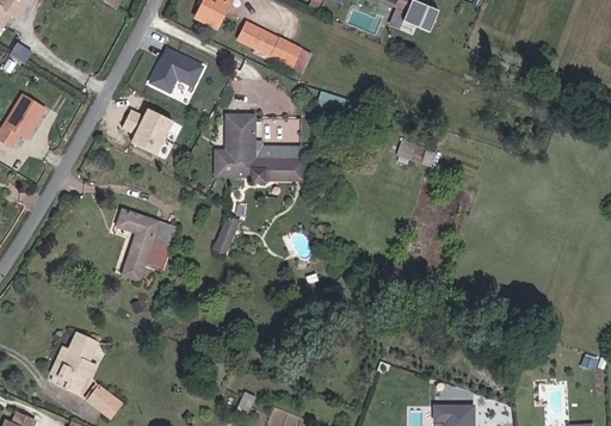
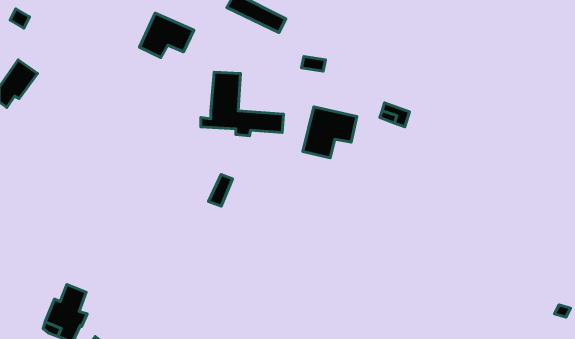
building: [123,111,175,158] -> none
building: none -> [303,107,357,158]
building: [113,206,171,277] -> none

